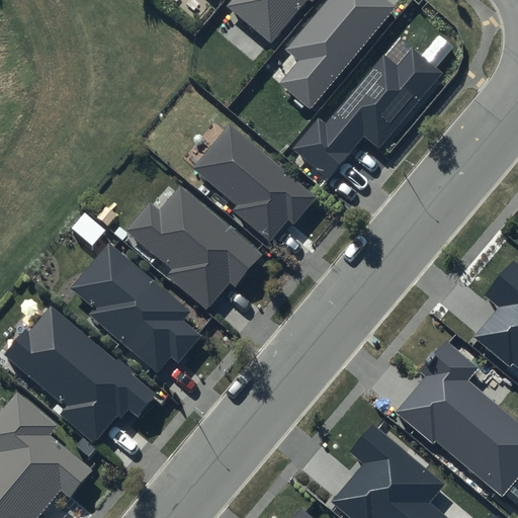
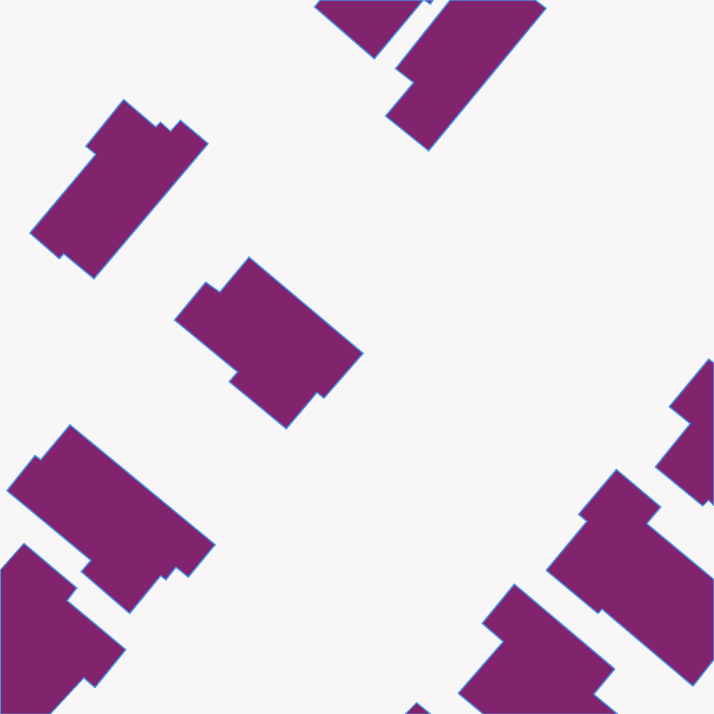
building: [293,47,444,178] -> none
building: none -> [30,100,208,279]
building: [192,124,316,241] -> none
building: [69,242,200,371] -> none

